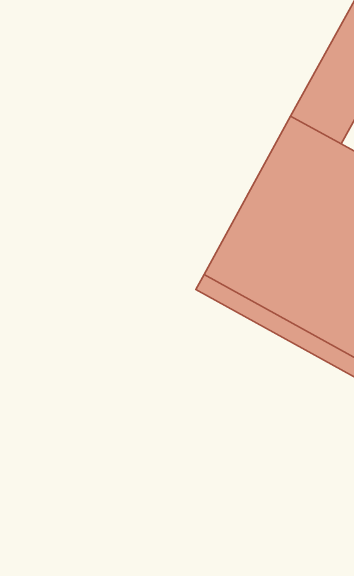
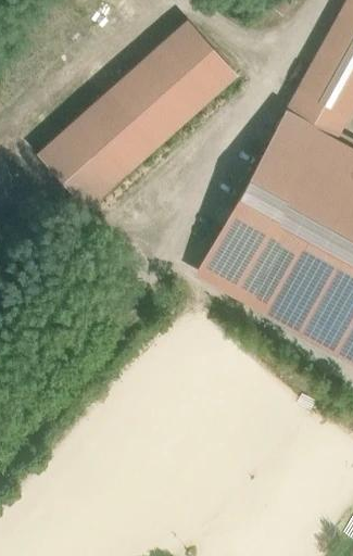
building: none -> [40,23,235,205]

